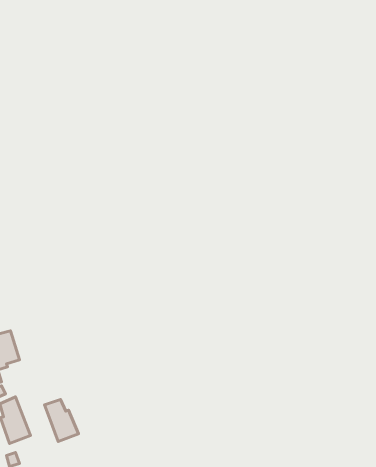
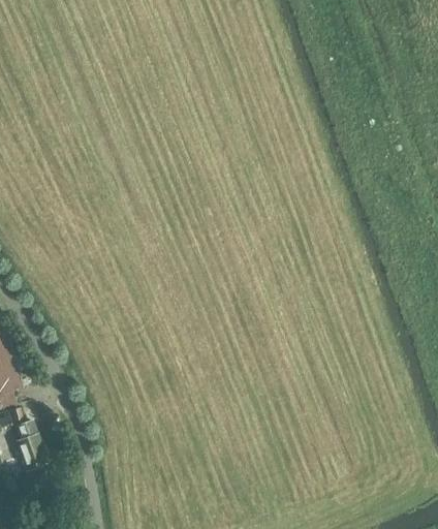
building: [44,400,78,442] -> none

